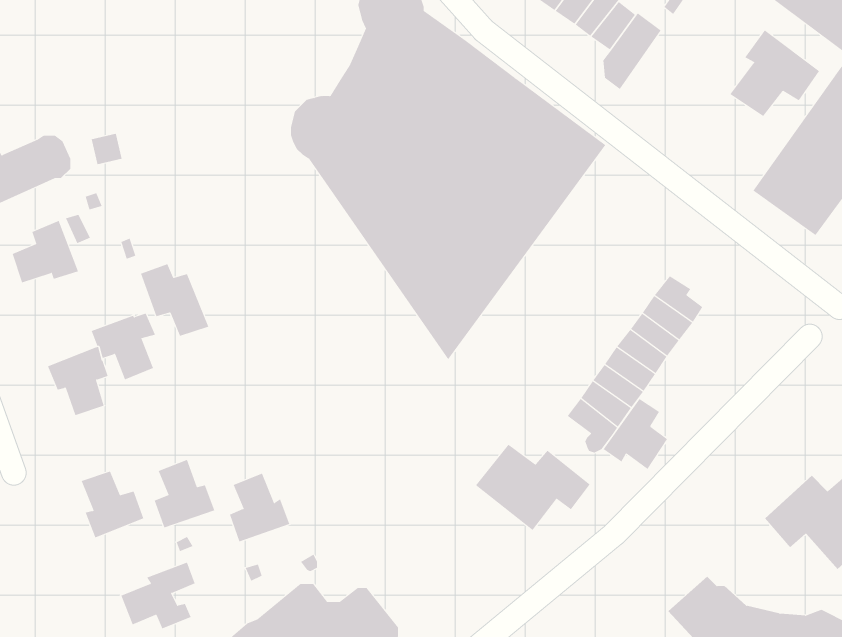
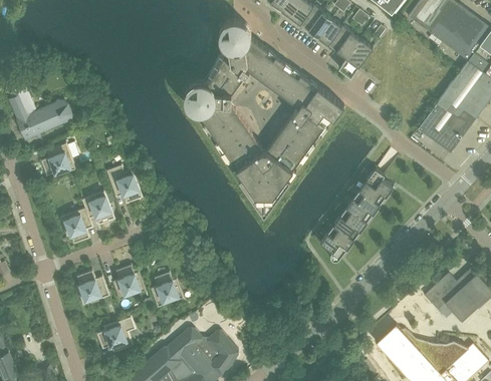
building: [730,30,820,117] -> none
building: [603,398,668,470] -> none
building: [475,444,590,531] -> none

